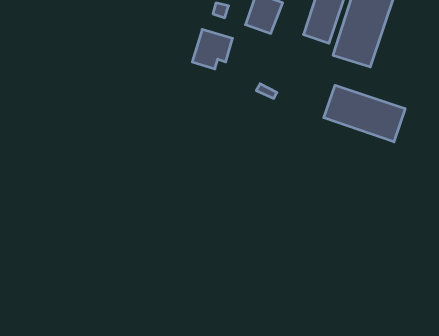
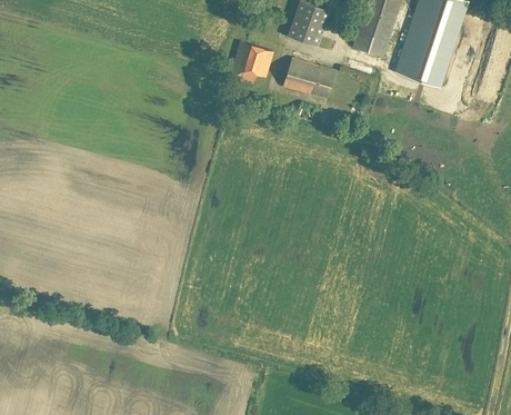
building: none -> [287,59,339,99]
building: [324,85,405,142] -> none

